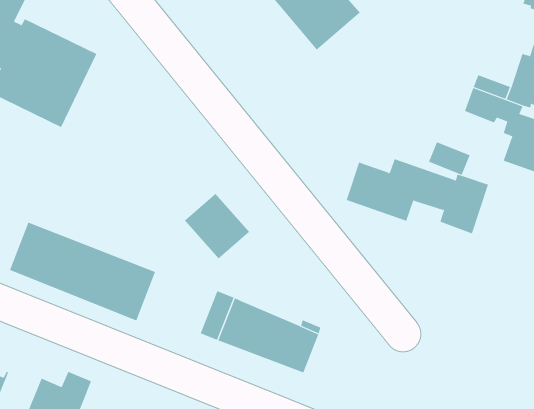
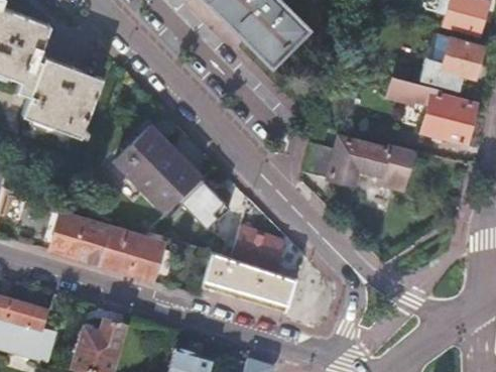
building: none -> [116,129,199,211]
building: none -> [232,224,284,269]

